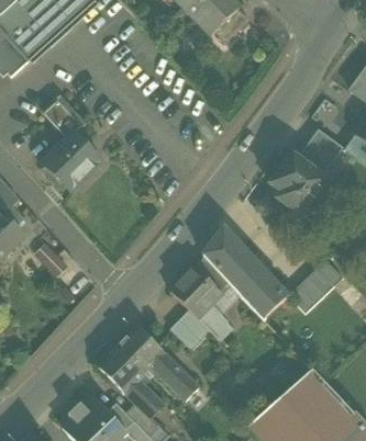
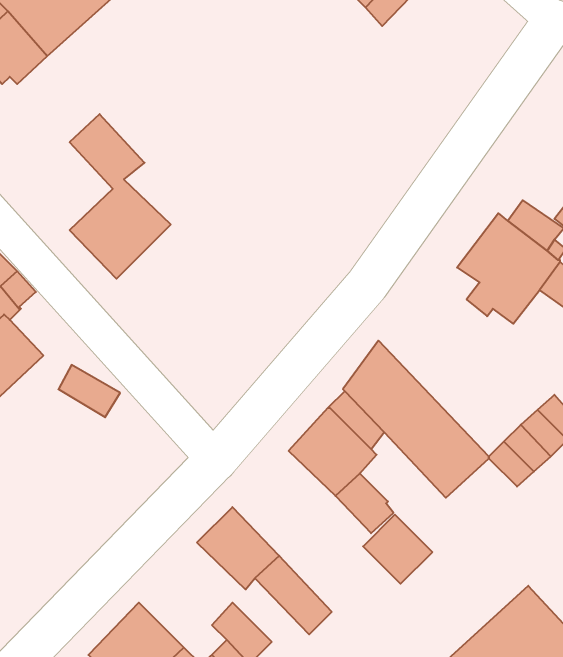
building: [169,309,210,350] -> [363,515,432,584]
building: [98,344,145,393] -> none

